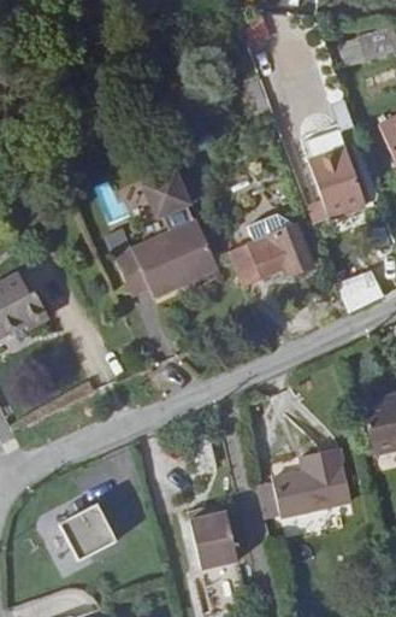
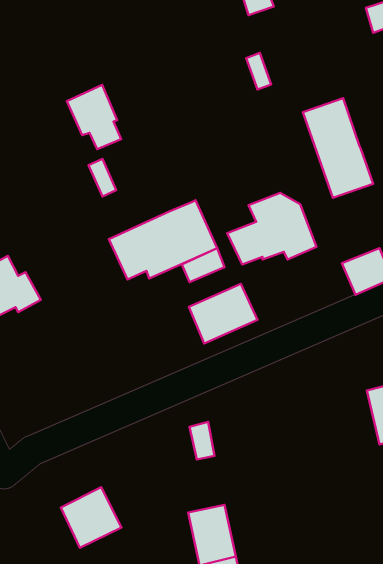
building: [142,171,194,233] -> [67,85,121,149]
building: none -> [189,284,257,344]
building: [271,449,350,518] -> none

